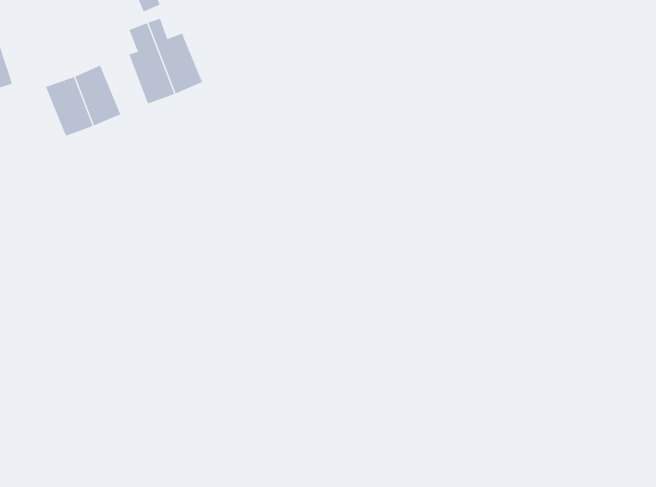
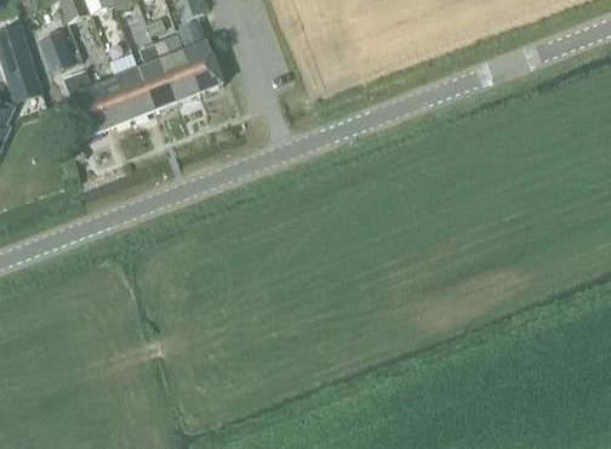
building: none -> [38,28,72,70]
building: none -> [183,33,223,90]
building: none -> [115,67,154,116]

